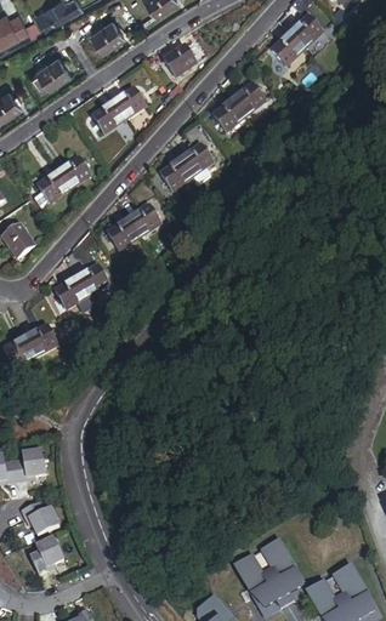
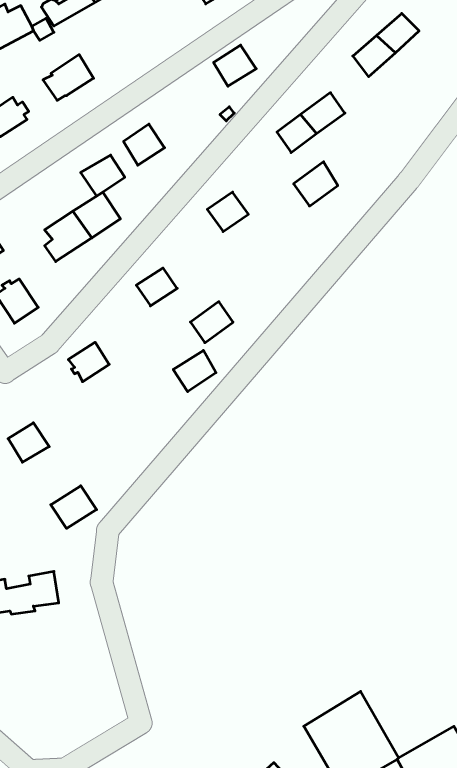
building: [93,17,127,49] -> none
building: [115,91,149,123] -> [81,155,125,196]
building: [180,139,214,173] -> [294,162,338,206]
building: [126,199,159,230] -> [190,302,233,343]
building: [74,257,107,289] -> [173,350,216,392]
building: [27,319,62,352] -> [51,486,97,528]
building: [23,498,61,532] -> none
building: [32,534,66,571] -> none

